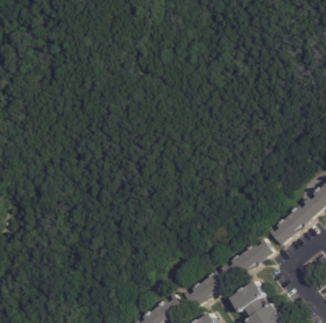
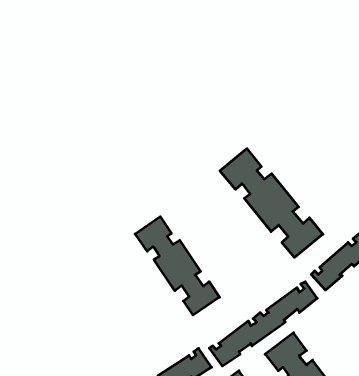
building: none -> [220,149,323,257]
building: none -> [135,217,220,315]

